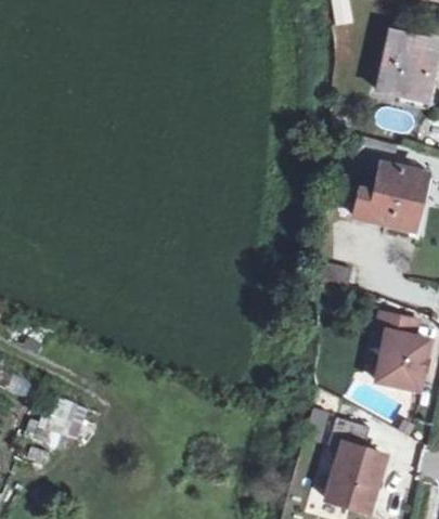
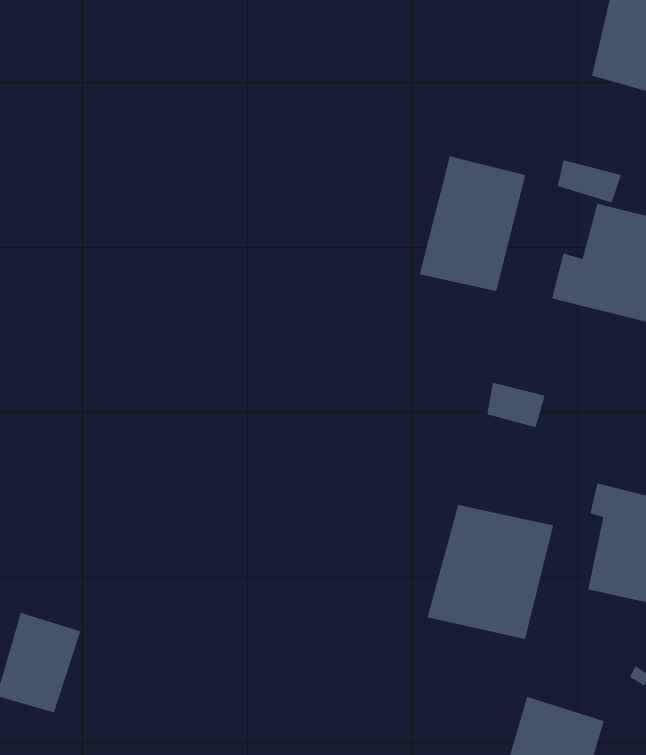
building: none -> [419,156,526,292]
building: none -> [427,504,554,640]

